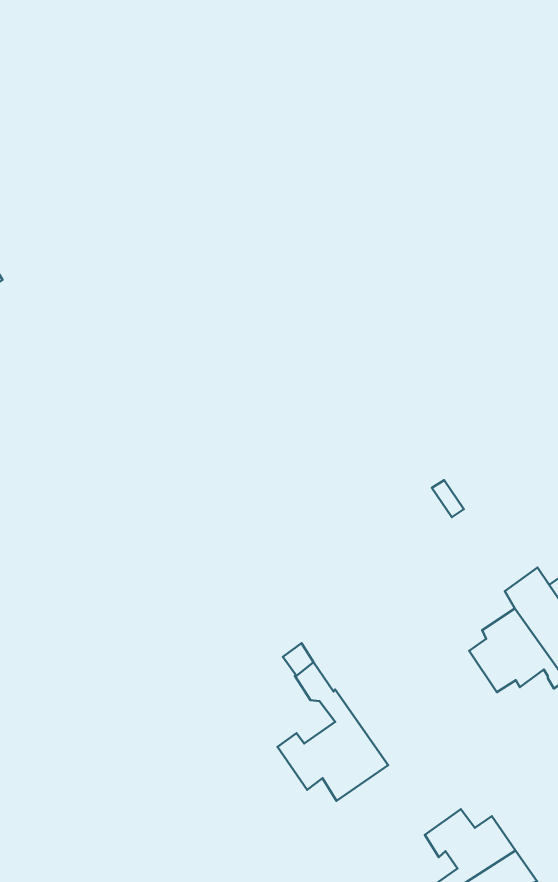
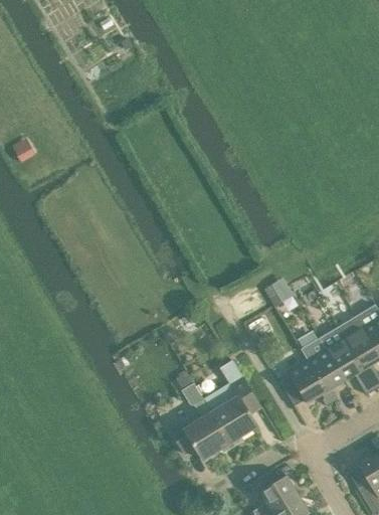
building: none -> [204,360,260,443]

